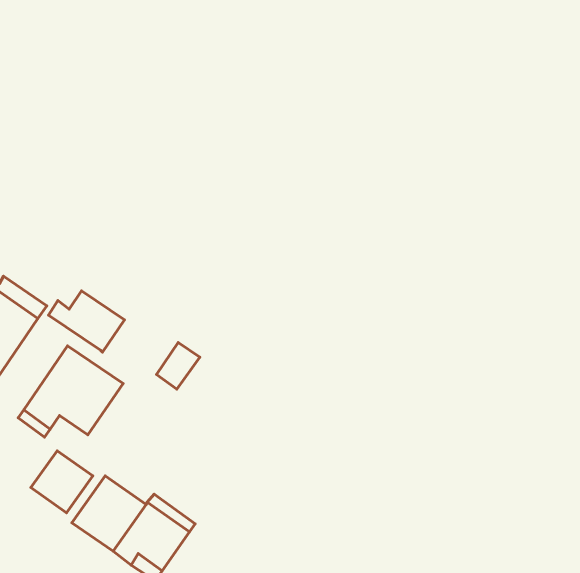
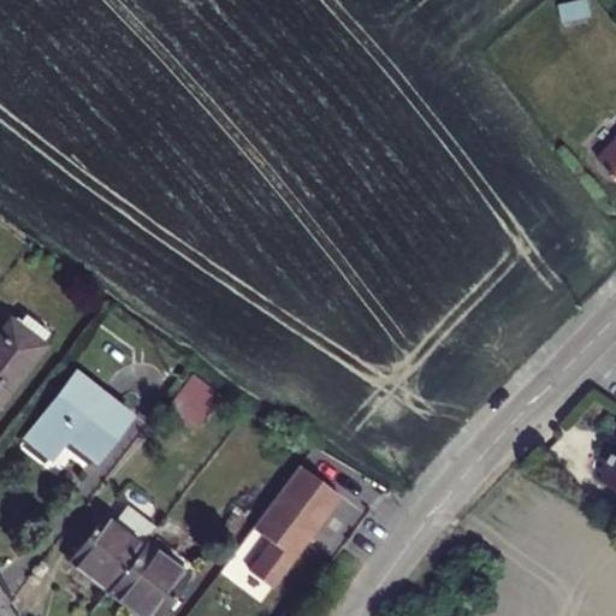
building: [49,291,124,352] -> none
building: none -> [244,478,332,599]
building: [31,451,93,513] -> none

